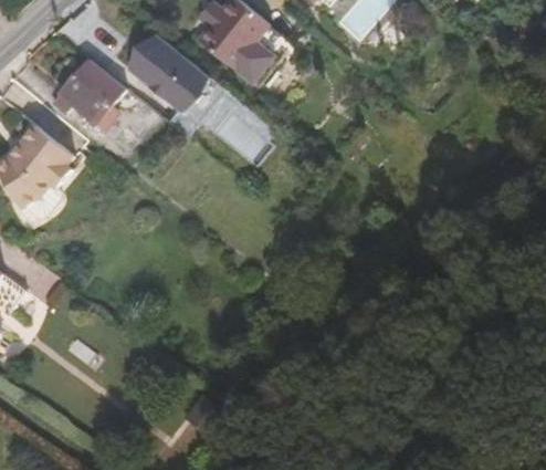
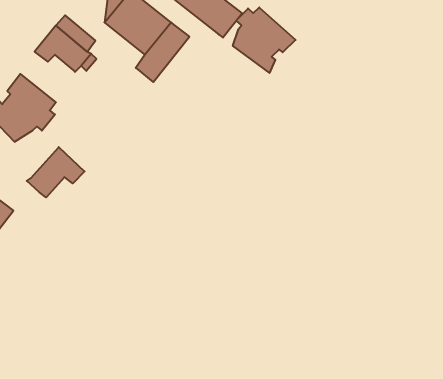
building: none -> [233,7,296,73]
building: none -> [27,147,85,197]

